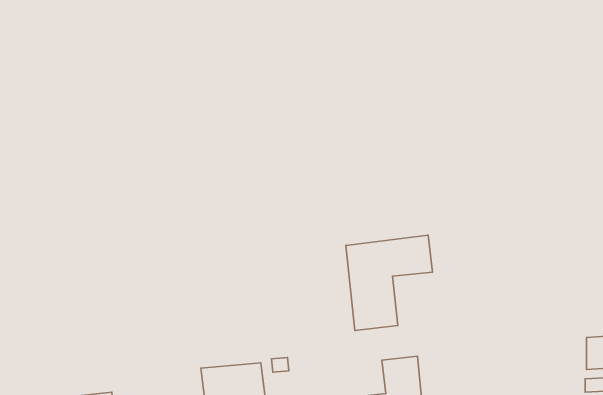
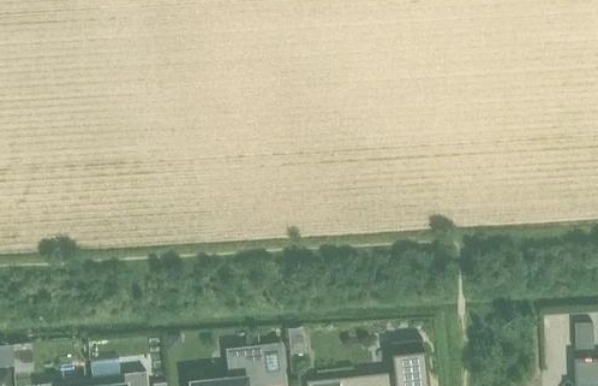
building: [346,235,432,330] -> none

